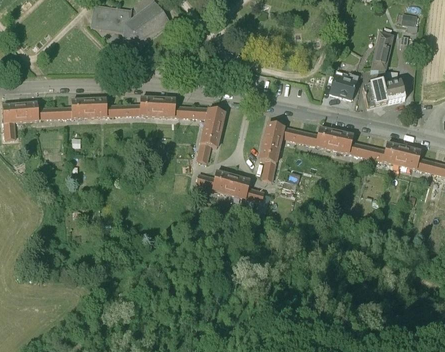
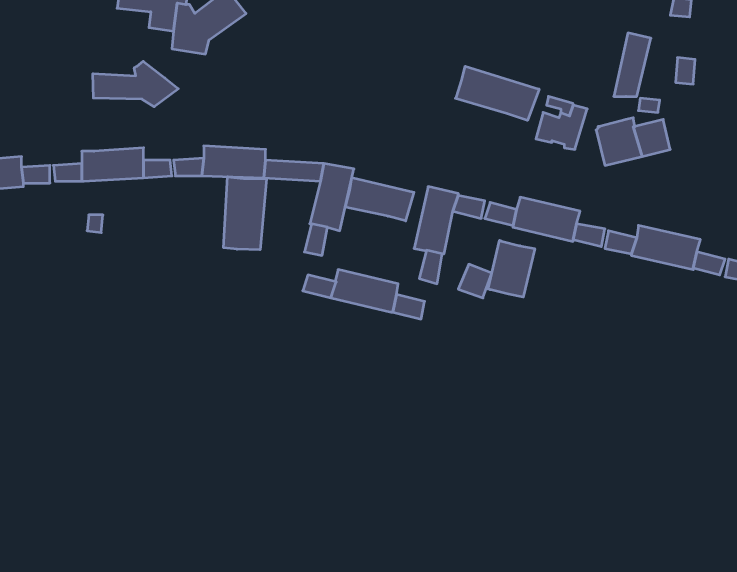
building: none -> [93,61,178,107]
building: none -> [455,66,539,120]
building: none -> [224,177,266,250]
building: none -> [345,178,414,221]
building: none -> [488,240,535,297]

